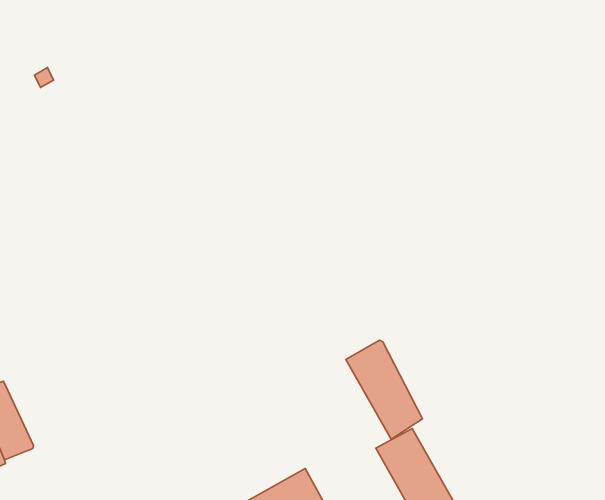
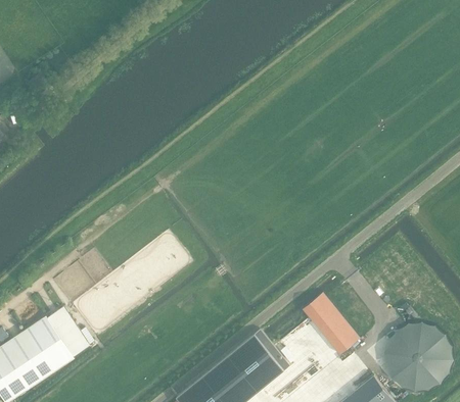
building: [346,340,423,439] -> none

